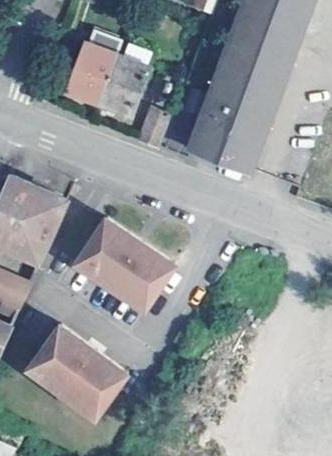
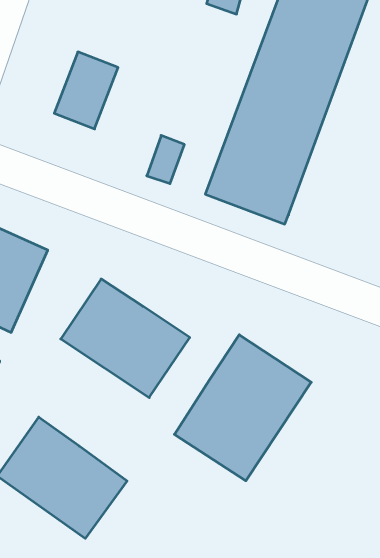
building: [101,57,149,116] -> none
building: none -> [174,335,311,481]

